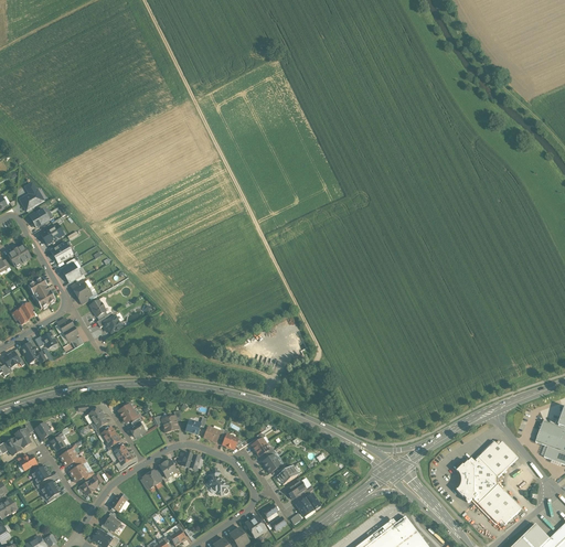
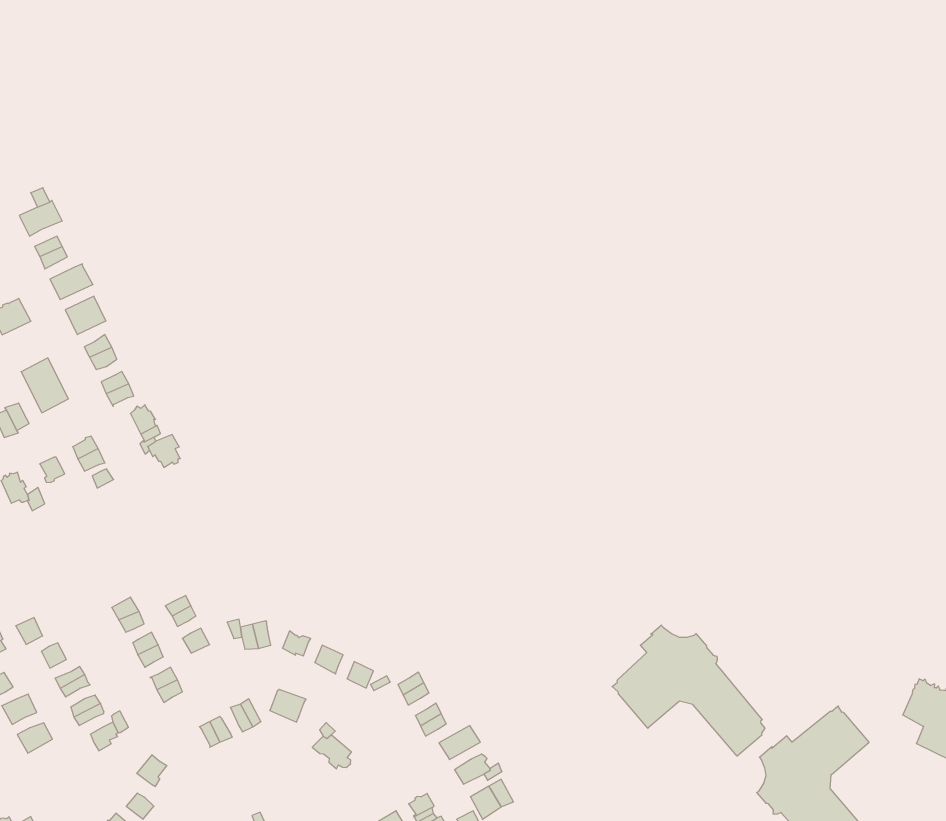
building: none -> [612,625,765,756]

